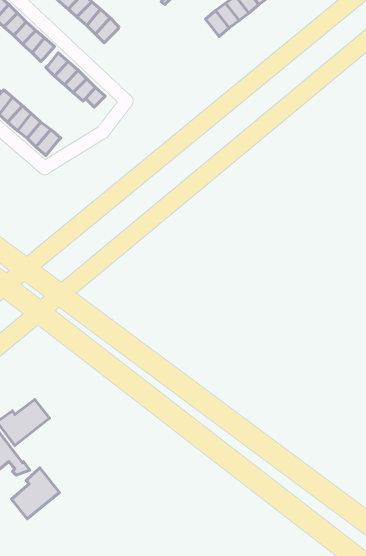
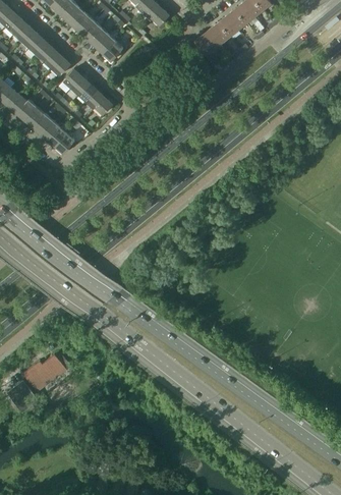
building: [12,468,59,519] -> none

